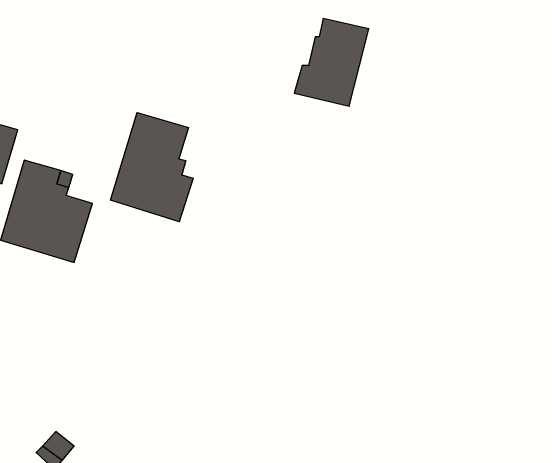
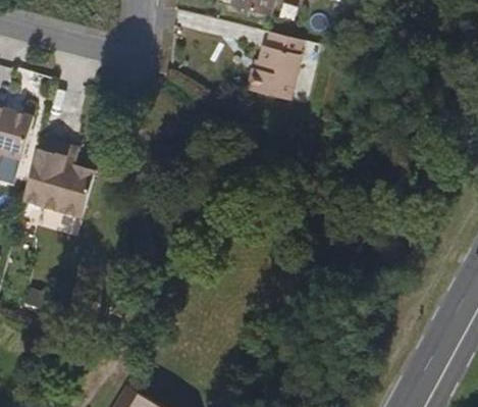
building: [111,113,193,222] -> none

